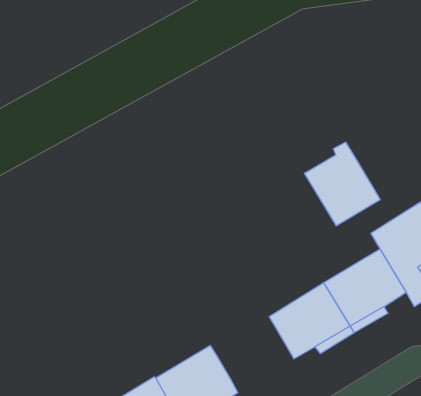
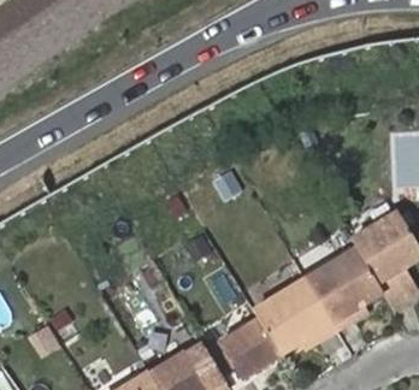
building: [304,142,380,226] -> none
building: none -> [207,321,278,379]

